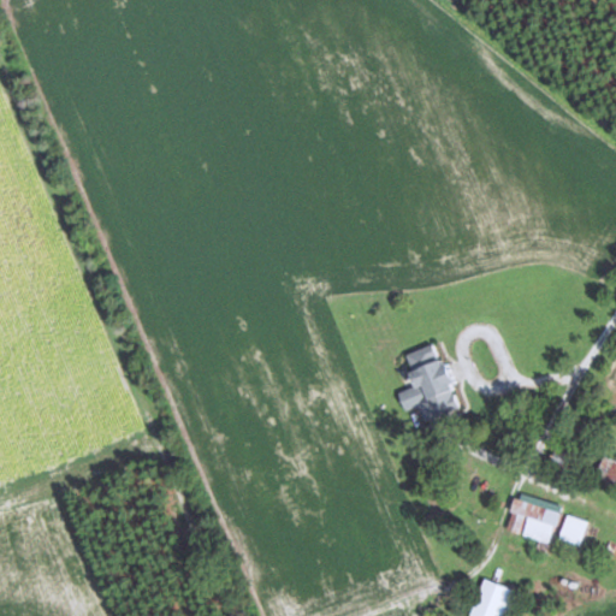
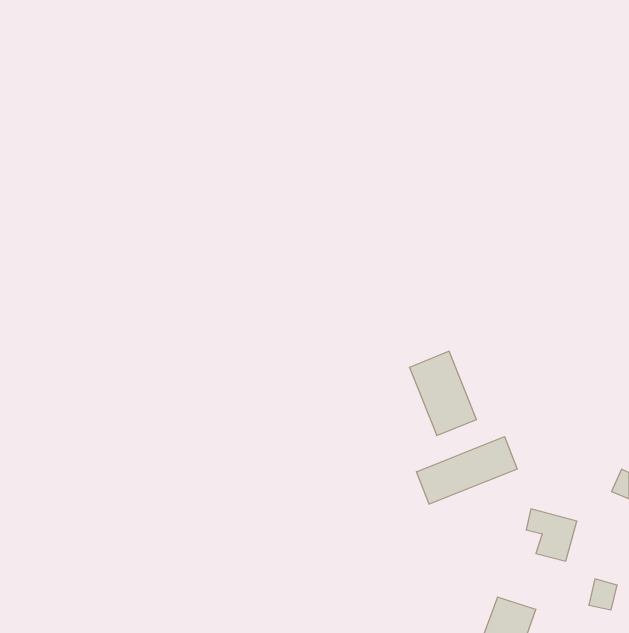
building: none -> [416,437,517,504]
building: [558,516,586,546] -> [589,579,617,610]

